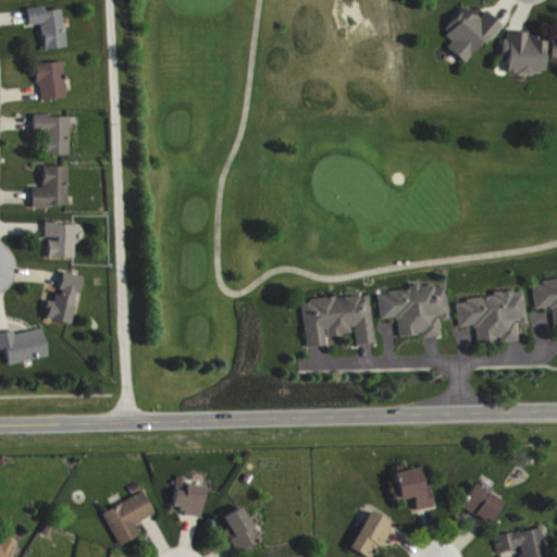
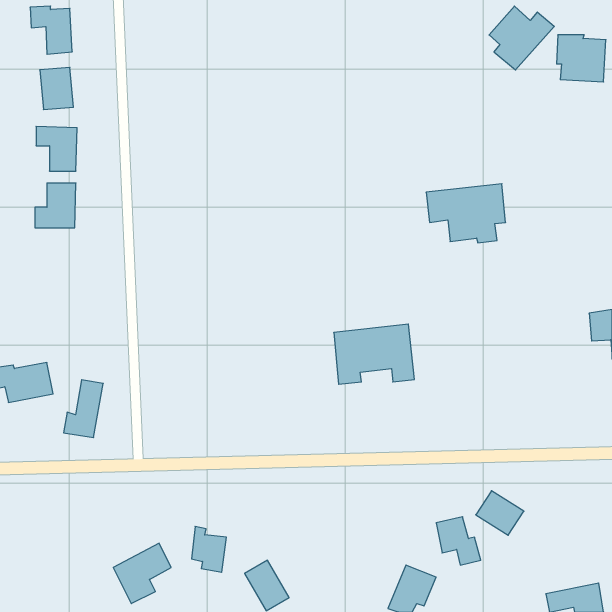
building: [44,222,79,257] -> none
building: [45,271,81,323] -> [64,380,103,438]
building: [376,284,448,337] -> [426,184,506,243]
building: [456,289,527,344] -> none
building: [459,483,503,523] -> [476,491,524,535]

